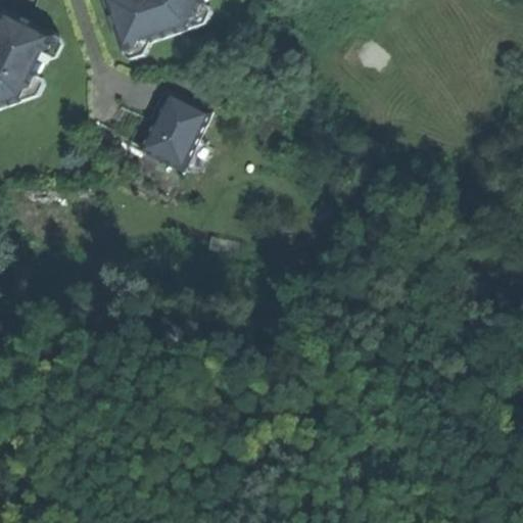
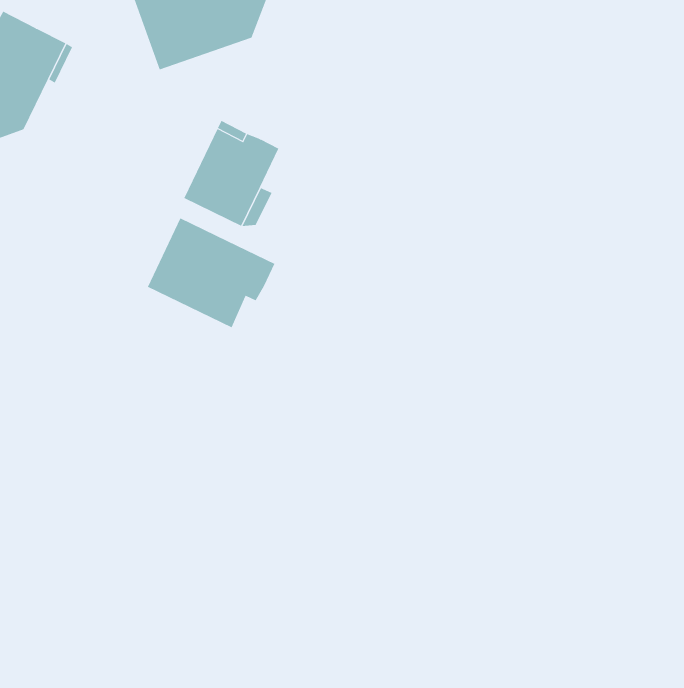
building: none -> [147,218,275,328]

